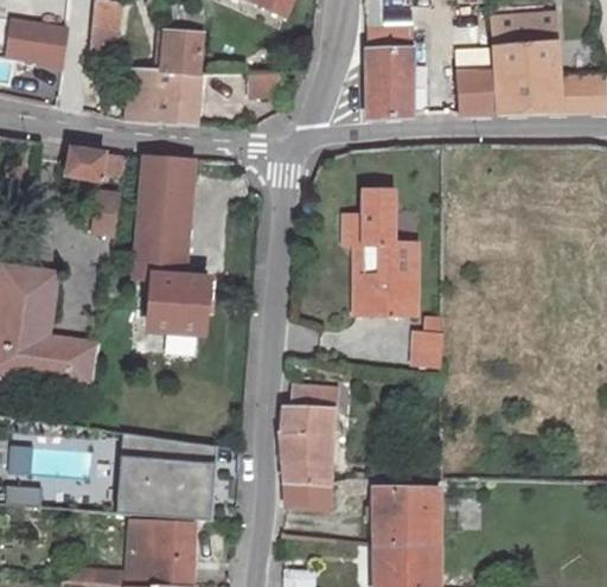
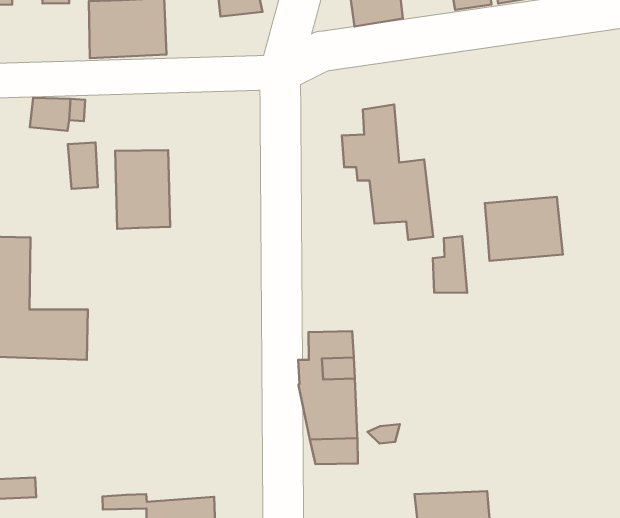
building: [140,157,191,209] -> none
building: [352,255,392,313] -> none
building: [148,275,205,333] -> none
building: none -> [485,197,563,261]
building: [115,434,211,519] -> none
building: [372,489,437,545] -> none

